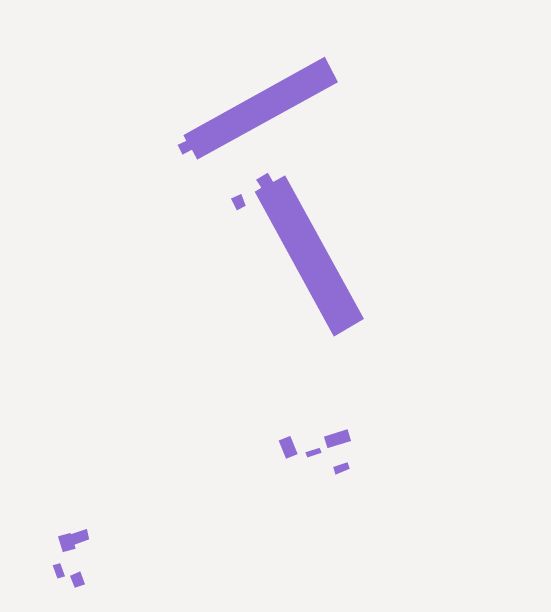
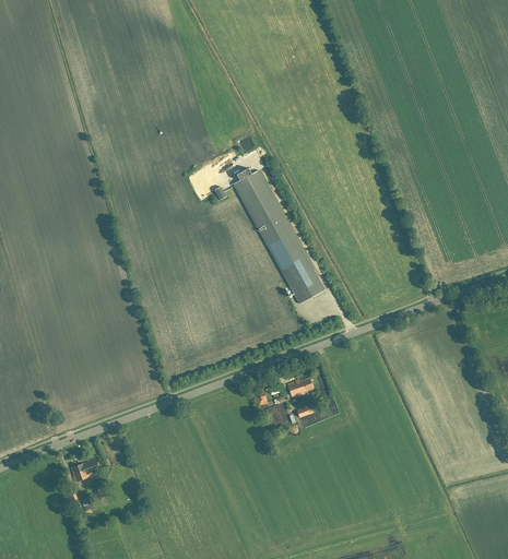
building: [177,55,339,161] -> none

